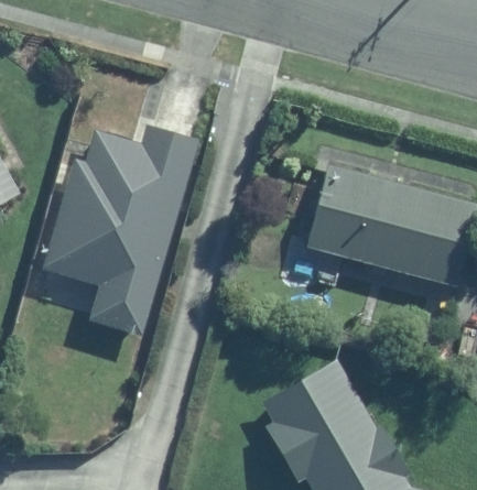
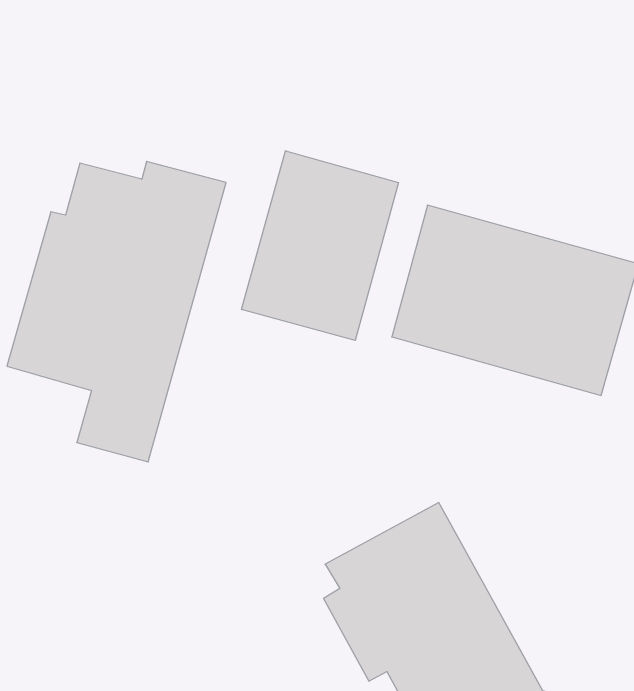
building: none -> [242,151,398,340]

